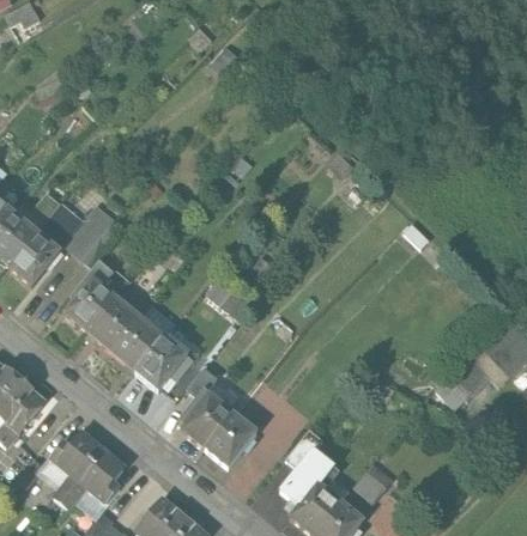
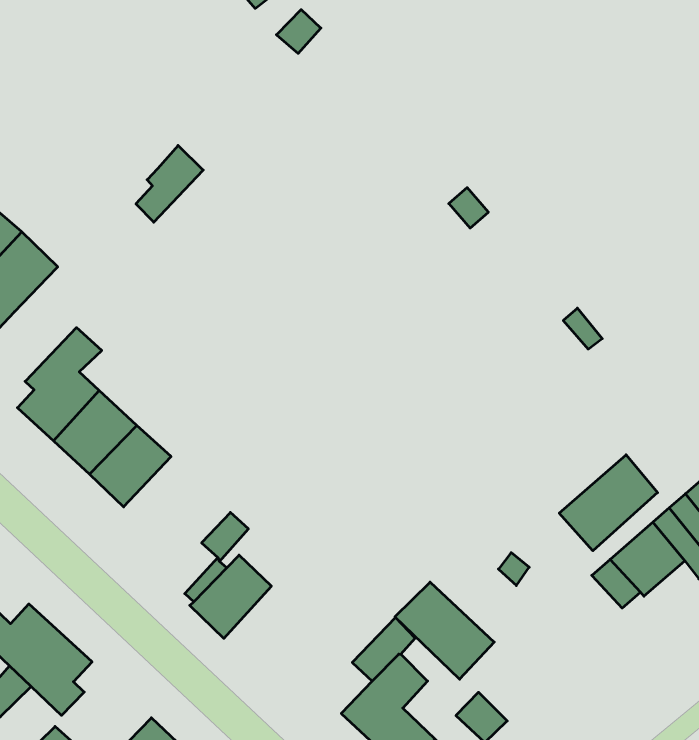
building: [74,206,115,255] -> [136,145,203,222]
building: none -> [559,455,658,551]
building: [138,335,194,386] -> none
building: none -> [395,582,494,679]
building: [206,412,258,465] -> none

